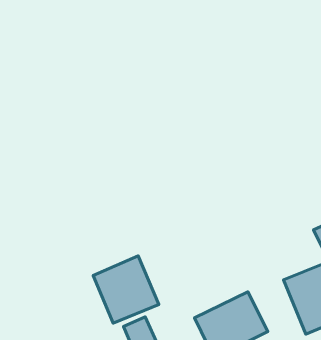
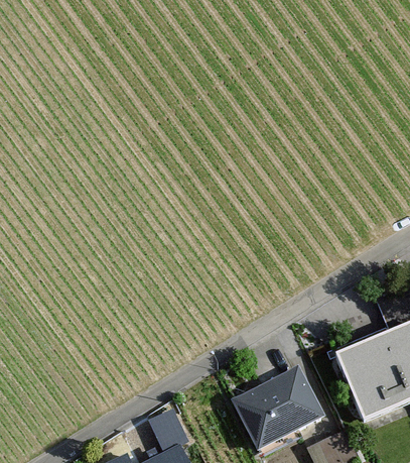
building: [93,256,159,323] -> none

